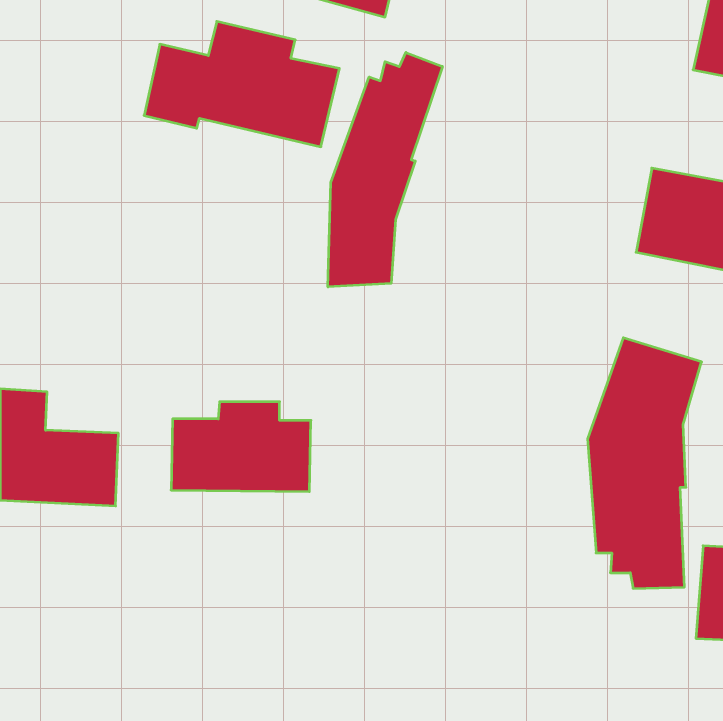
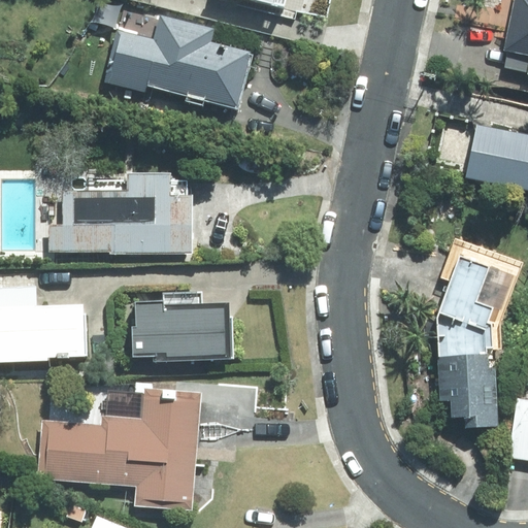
building: [328,52,442,287] -> none
building: none -> [48,173,192,255]
building: none -> [43,390,198,514]

